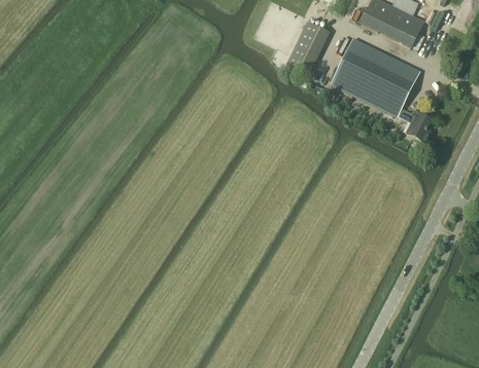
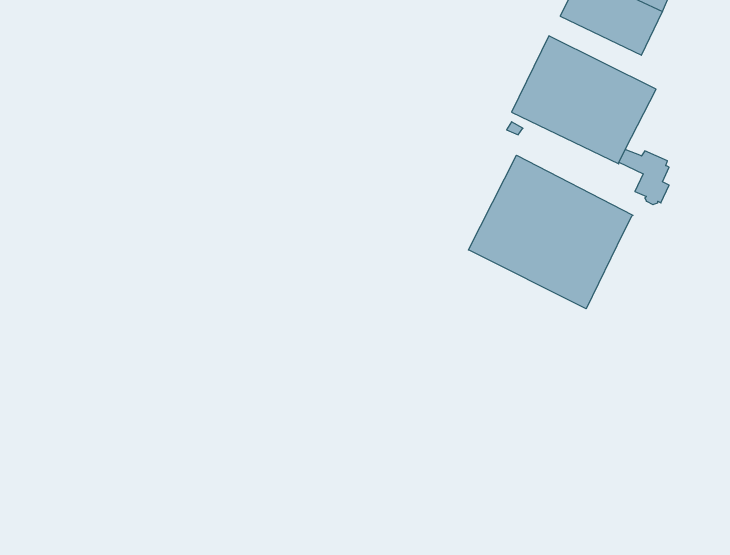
building: [286,20,329,72] -> none
building: none -> [468,155,633,309]

